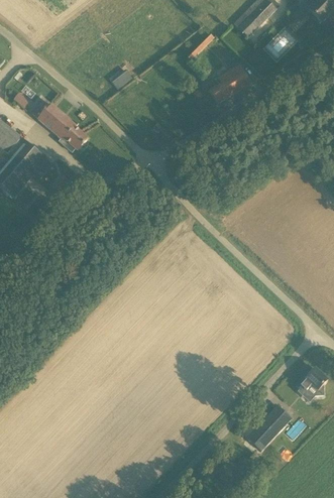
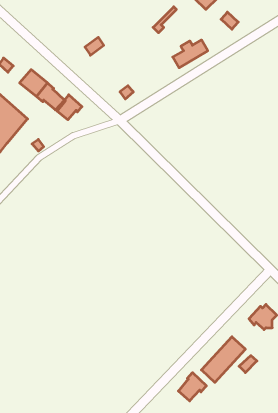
building: none -> [57,95,82,120]
building: none -> [178,373,206,401]

